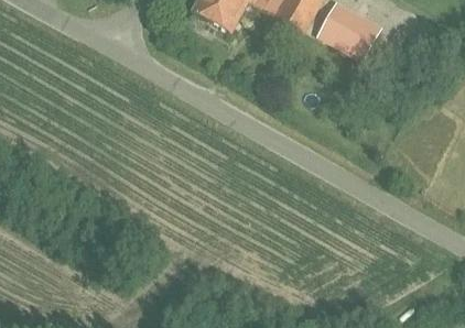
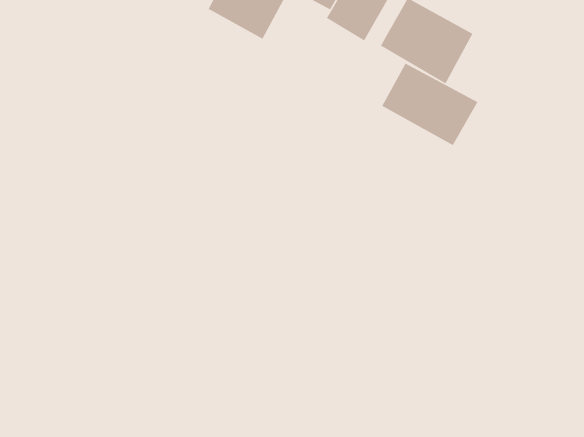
building: none -> [381,62,478,146]

